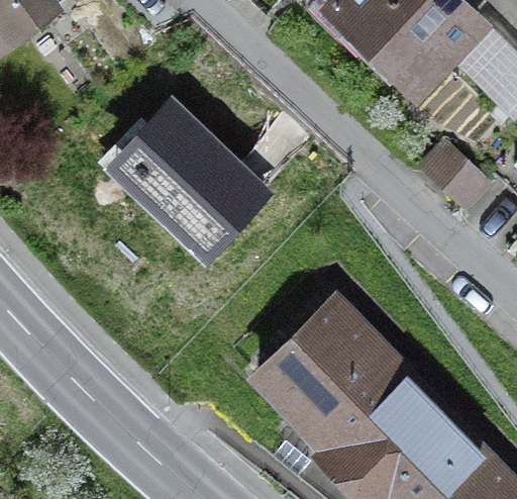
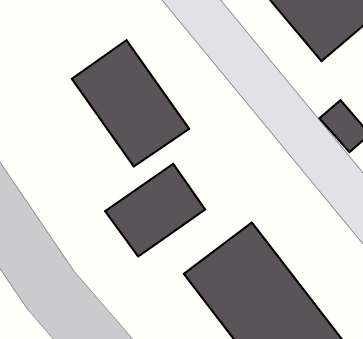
building: none -> [105,164,205,257]

